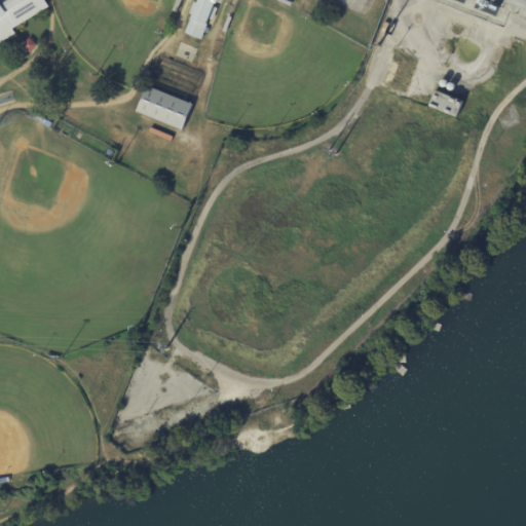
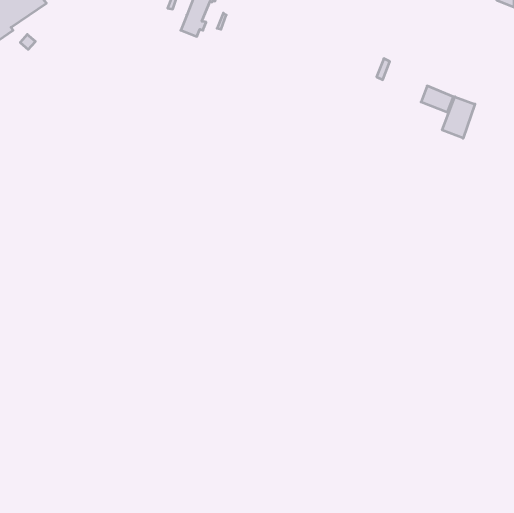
building: [136,84,191,128] -> none
building: none -> [442,97,475,138]

